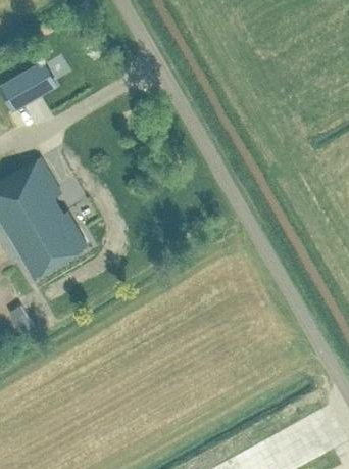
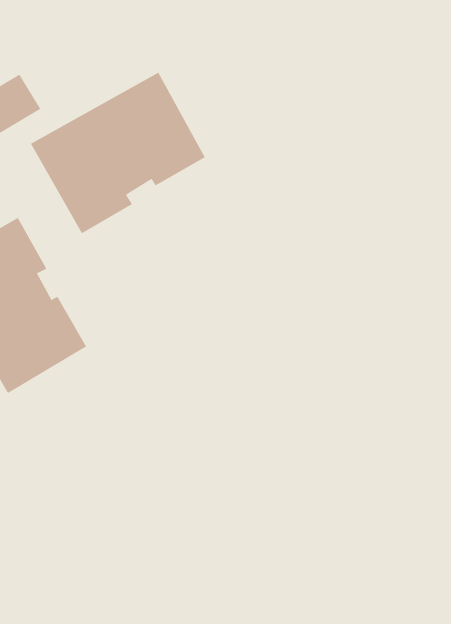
building: none -> [30,72,206,234]

